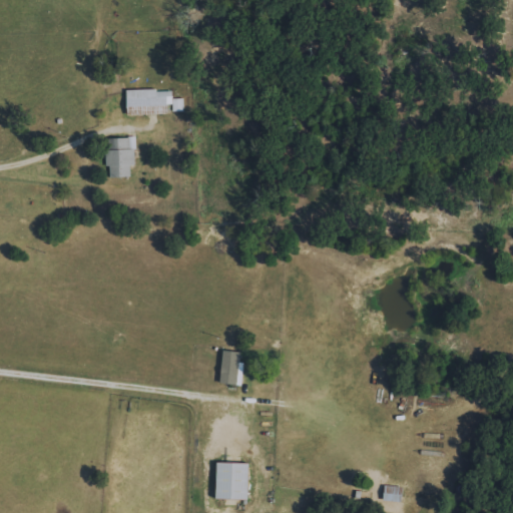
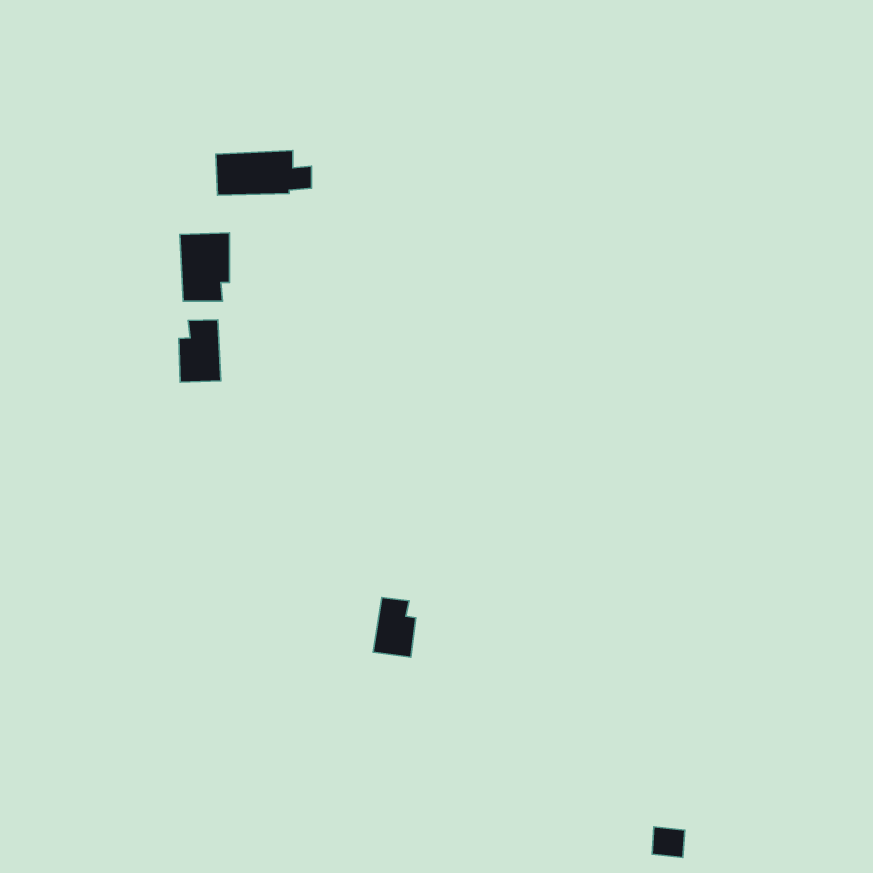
building: none -> [179,320,221,382]
building: [215,462,248,499] -> none

